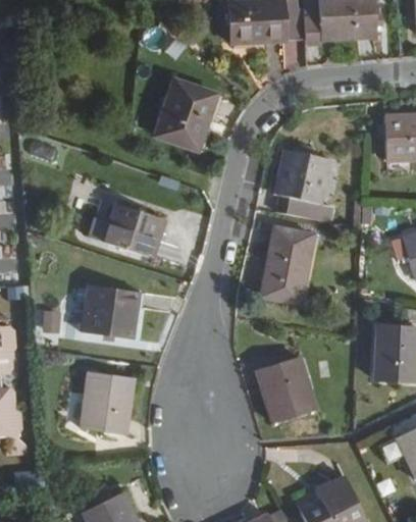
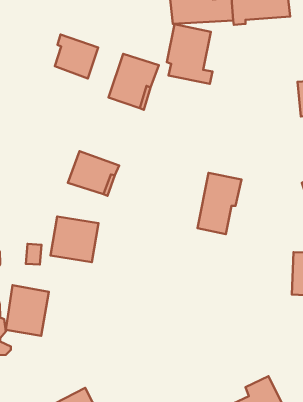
building: none -> [55,35,98,79]
building: [276,148,332,221] -> [167,24,212,84]
building: [258,357,316,422] -> none
building: [81,369,134,431] -> [6,285,49,336]

